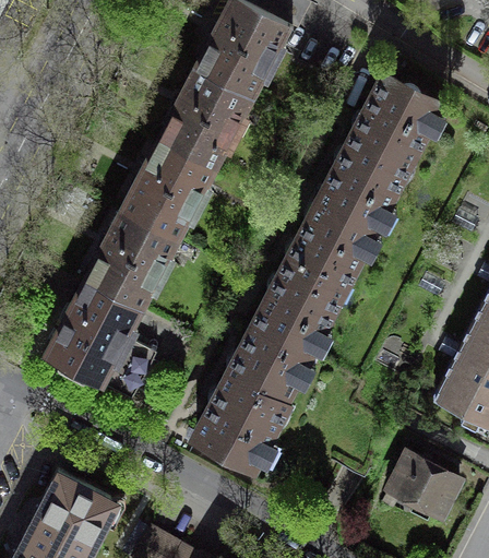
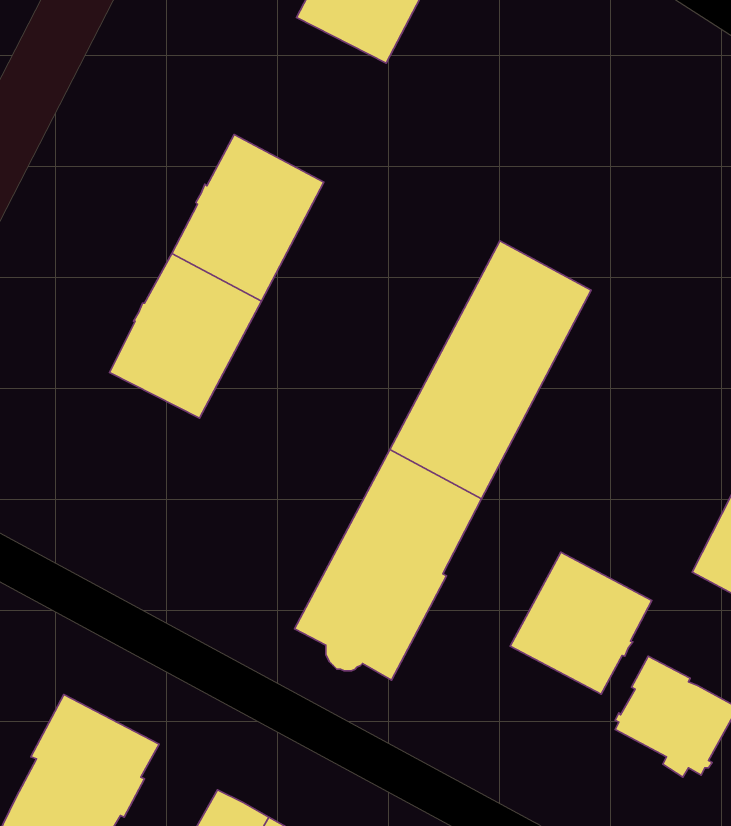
building: [159,68,250,166] -> none
building: [318,76,438,230] -> none
building: [46,280,156,399] -> none
building: none -> [510,552,652,694]

